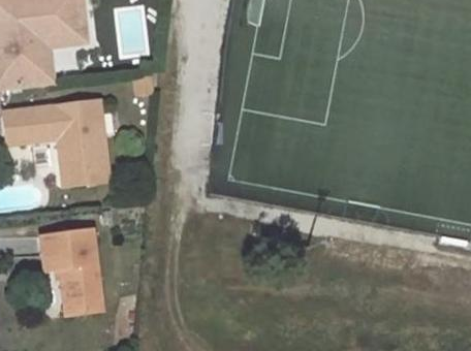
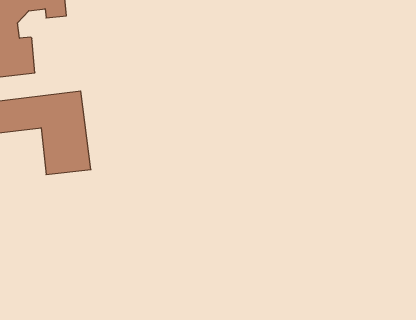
building: [31,15,84,45] -> none
building: [39,227,102,314] -> none

